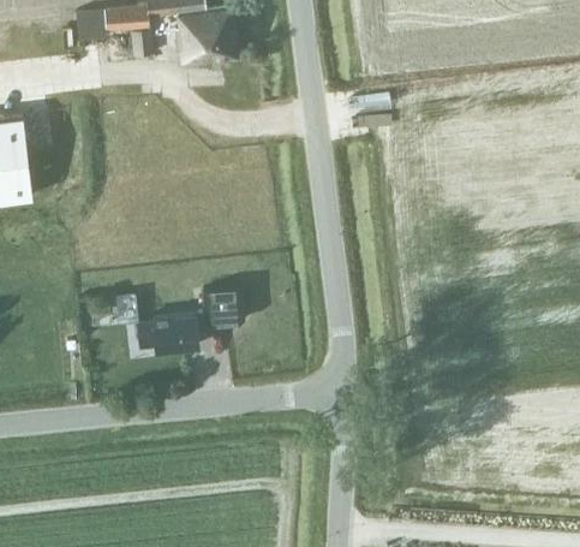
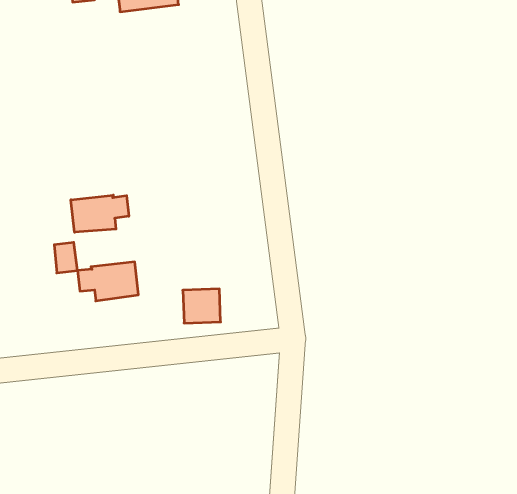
building: none -> [71,195,129,232]
building: [205,289,243,322] -> [183,289,221,323]

